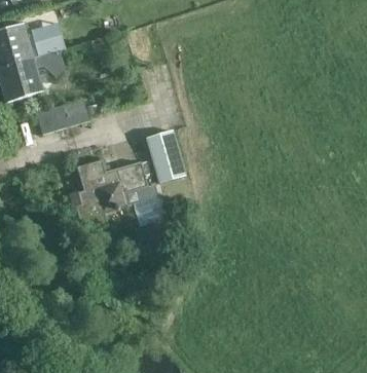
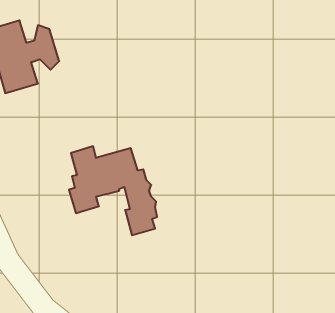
building: [35,104,89,134] -> none
building: [146,128,185,182] -> none

